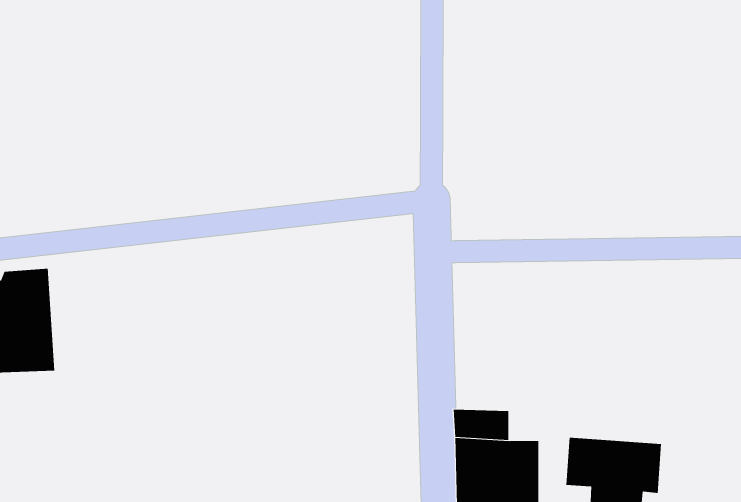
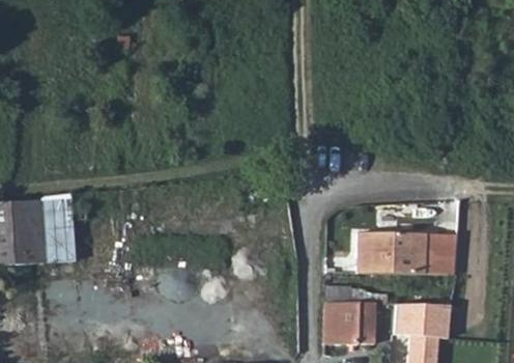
building: none -> [354,232,457,276]

